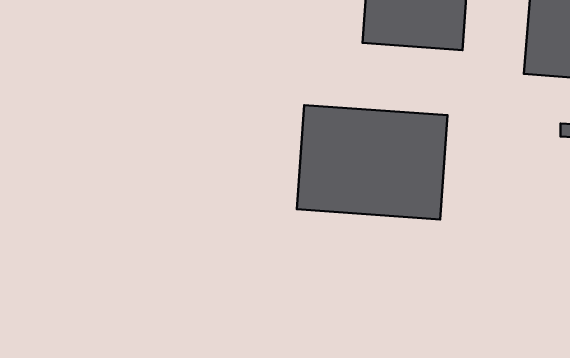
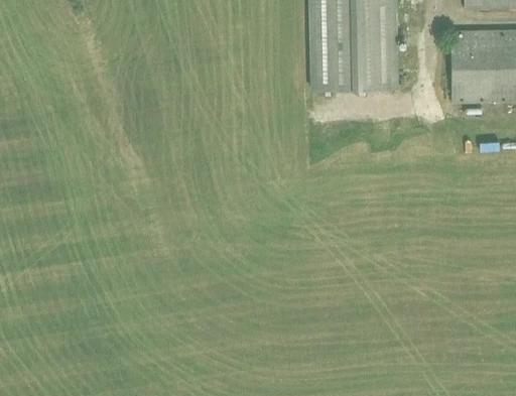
building: [297,105,447,219] -> none

